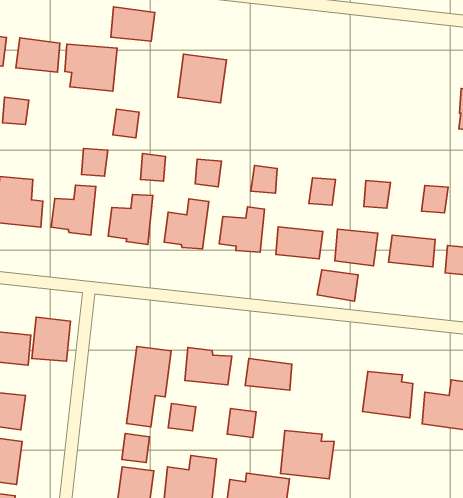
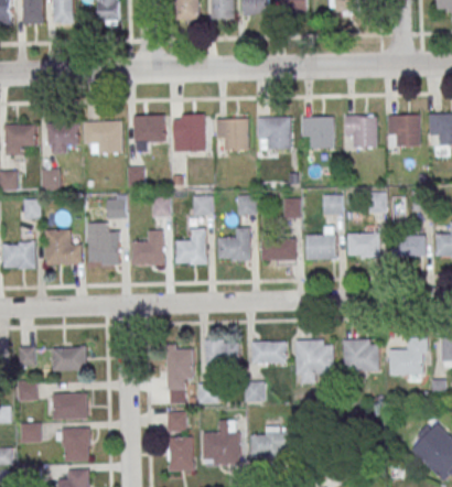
building: [111,7,155,41] -> [132,120,164,143]
building: none -> [216,118,247,150]
building: none -> [257,116,291,149]
building: none -> [301,116,334,149]
building: none -> [344,115,376,147]
building: [317,270,358,301] -> none
building: [32,317,71,361] -> none
building: [280,430,334,479] -> [295,339,334,374]

